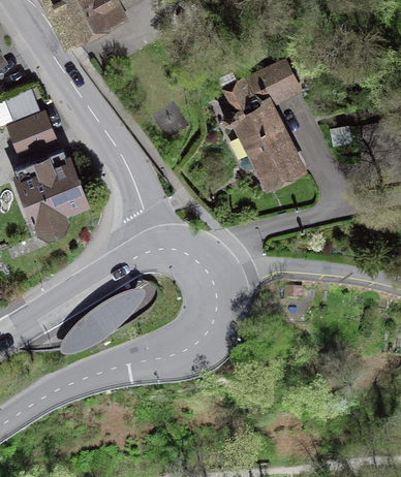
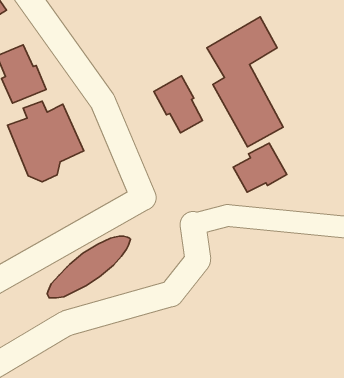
building: none -> [154,76,202,133]
building: none -> [233,143,287,192]

